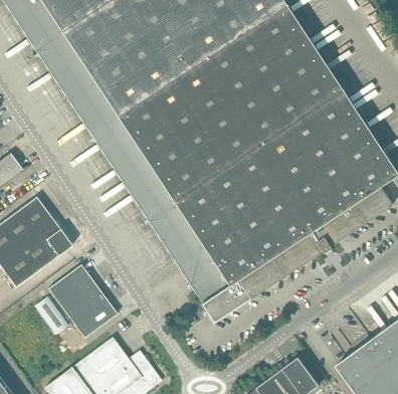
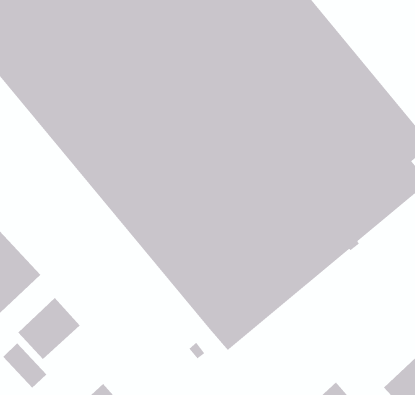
building: [66,288,118,337] -> none

